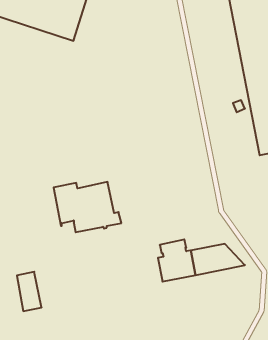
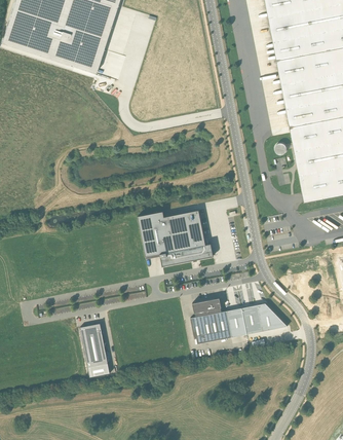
building: [54,182,121,232] -> [138,210,214,266]
building: [17,272,42,311] -> [80,323,108,367]

